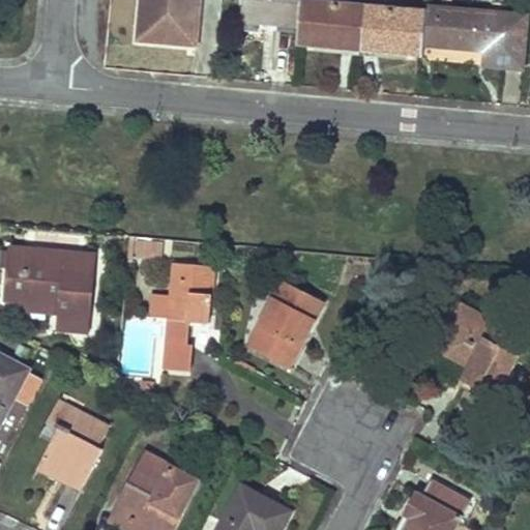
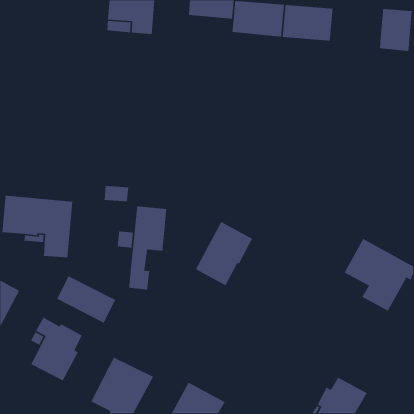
building: [422,5,488,48] -> none
building: none -> [56,275,116,324]

